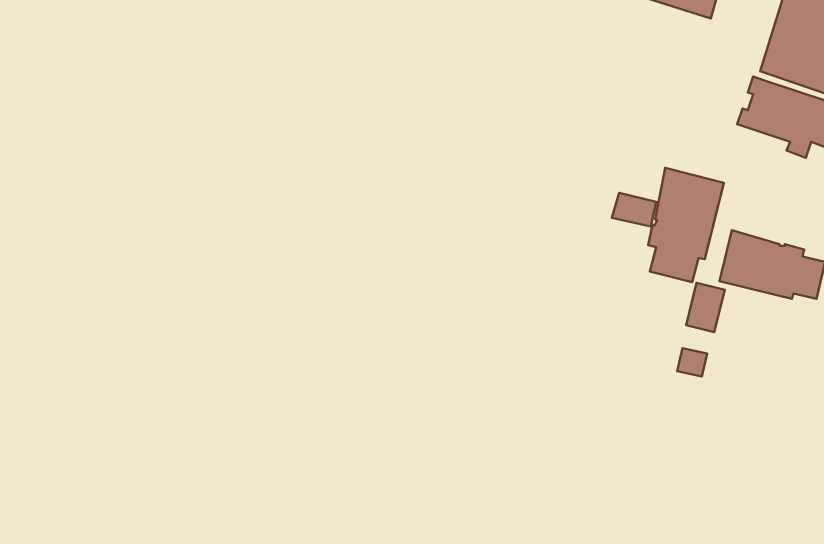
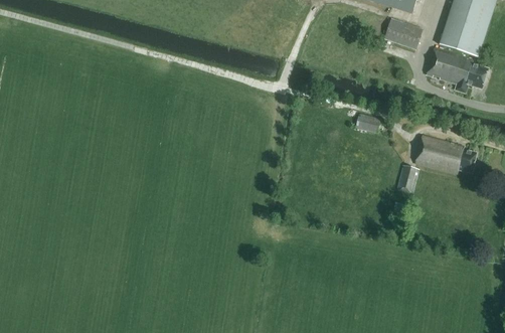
building: none -> [384,17,424,49]
building: [648,168,724,282] -> none

